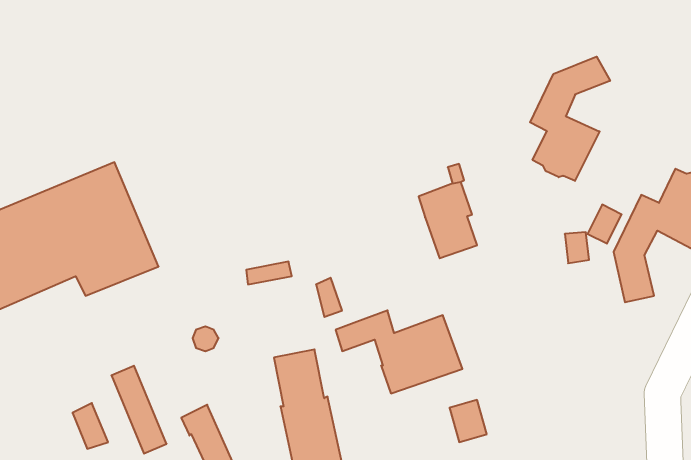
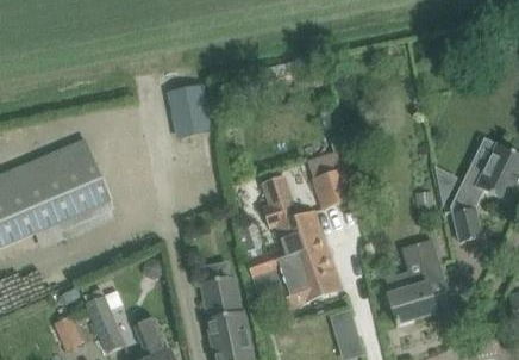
building: [530,57,610,181] -> none
building: none -> [170,86,211,135]
building: none -> [262,174,326,263]
building: none -> [386,238,442,325]

